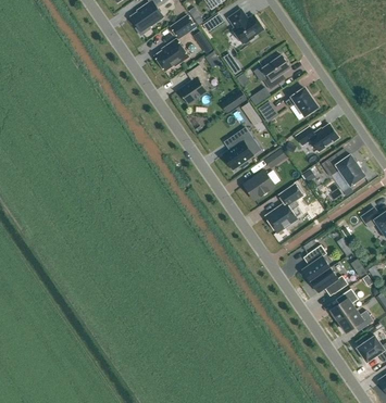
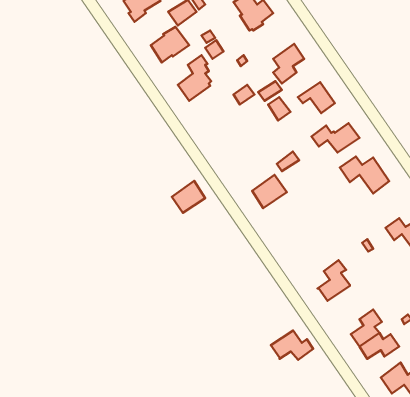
building: [223,140,252,168] -> [172,181,205,213]
building: [265,184,301,231] -> none
building: [310,267,347,293] -> [271,330,313,360]

